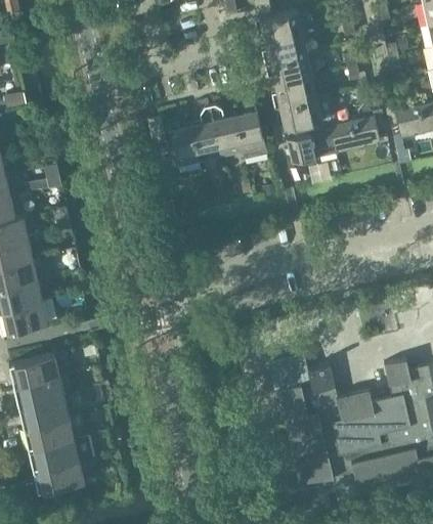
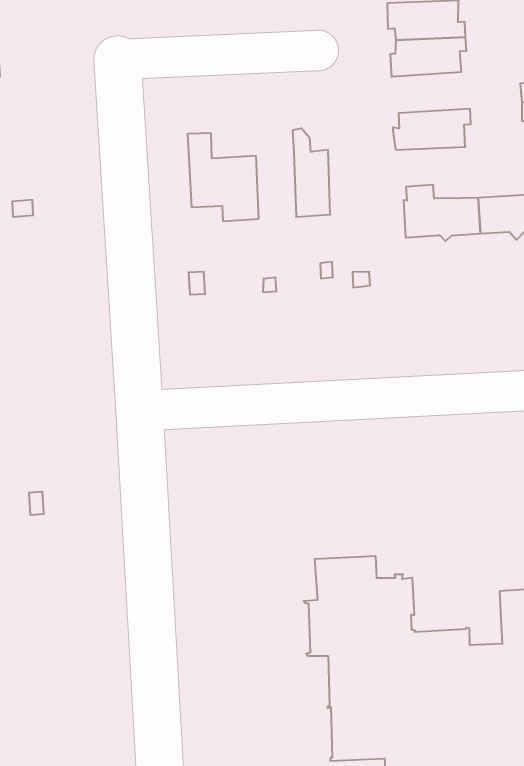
building: [265,52,316,85] -> none
building: [234,96,267,159] -> none
building: [275,98,327,133] -> none
building: [191,106,222,164] -> none

